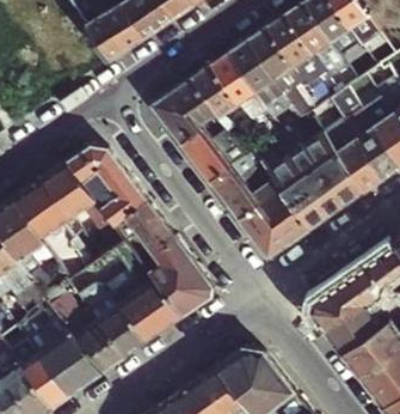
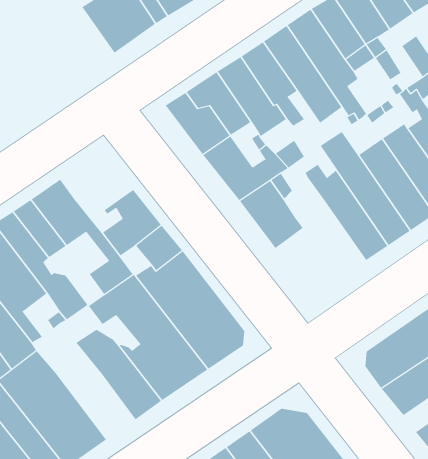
building: [66,147,124,189] -> none
building: [238,181,310,260] -> none
building: [62,312,125,373] -> none

